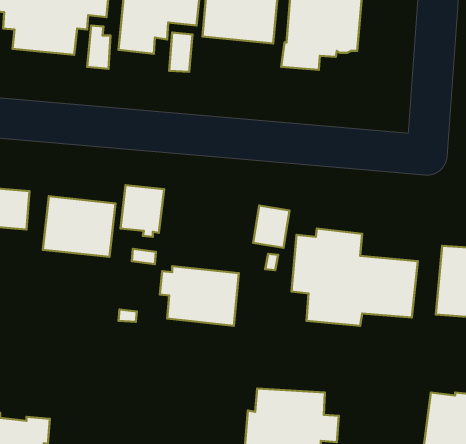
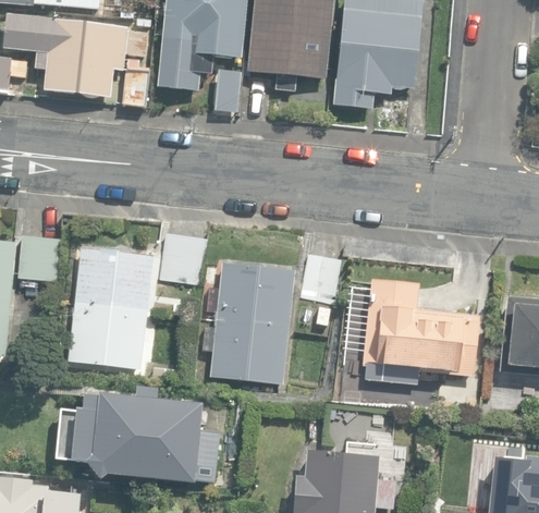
building: none -> [207,264,293,328]
building: none -> [71,303,148,368]
building: none -> [37,382,217,480]

